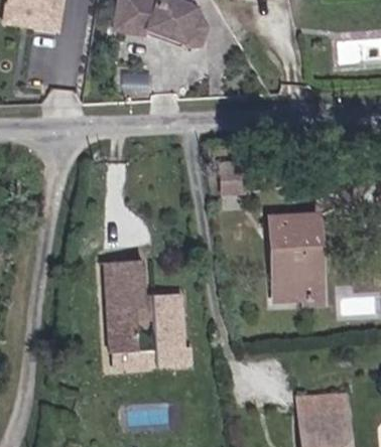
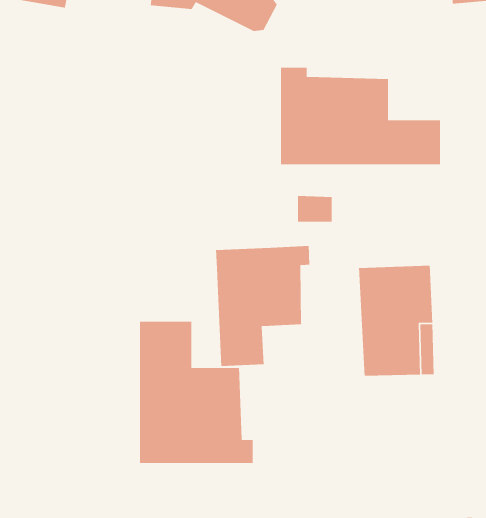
building: none -> [280,67,441,165]
building: none -> [215,245,310,367]

